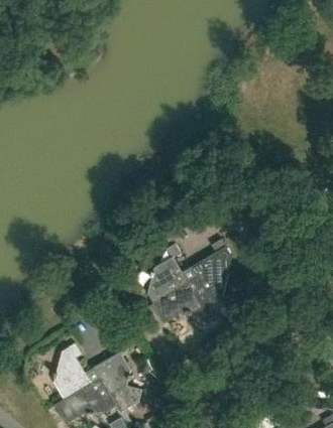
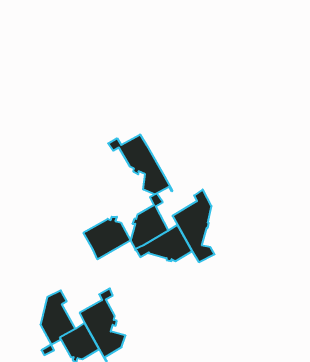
building: none -> [108,134,172,194]
building: none -> [84,217,130,259]

